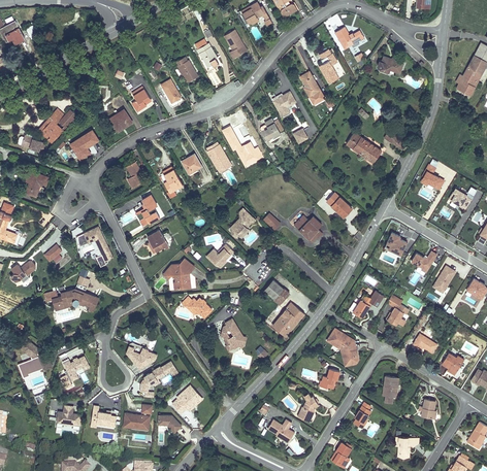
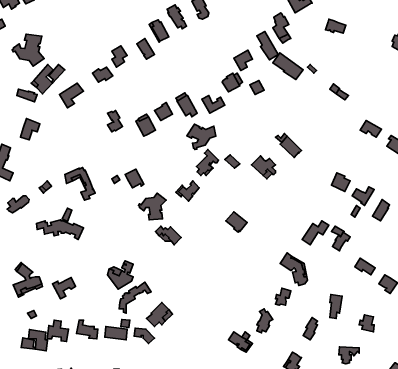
building: none -> [12,34,44,66]
building: [347,132,382,163] -> [273,53,303,80]
building: none -> [187,124,216,150]
building: [136,195,160,226] -> none
building: [273,303,304,336] -> none
building: [221,319,247,351] -> none
building: none -> [21,330,47,351]

